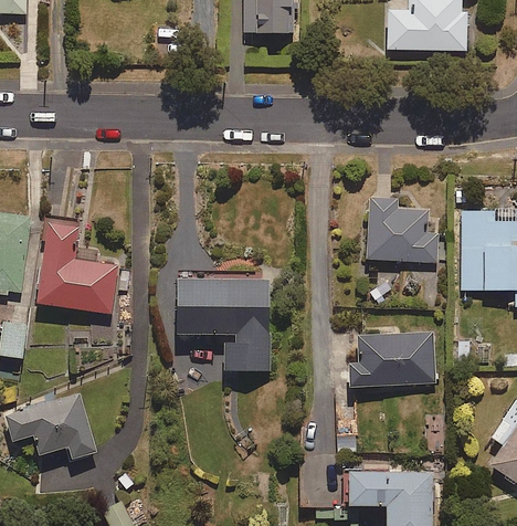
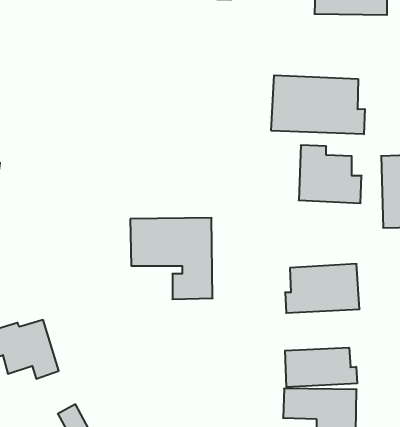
building: none -> [271,75,365,134]
building: [36,218,118,314] -> none
building: none -> [285,348,357,387]

